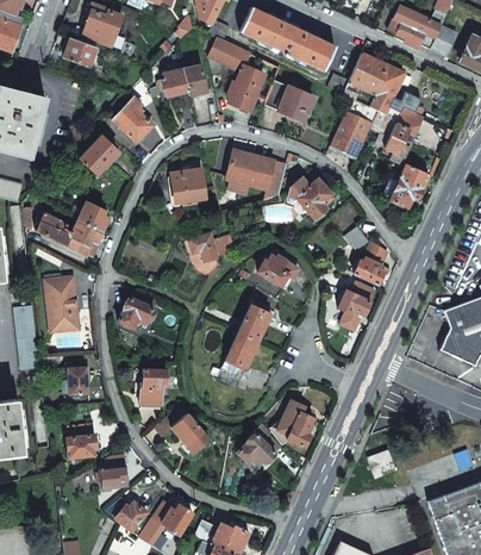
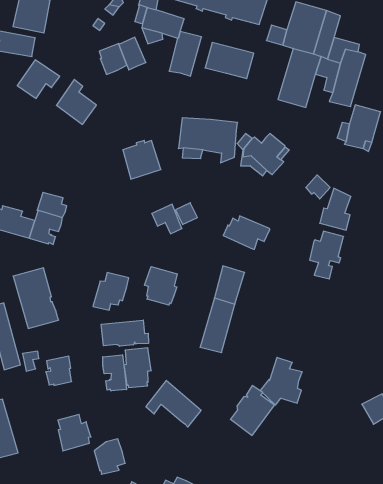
building: [80,136,123,174] -> [17,60,60,98]
building: none -> [145,267,177,305]
building: none -> [101,320,148,346]
building: none -> [103,355,127,391]

